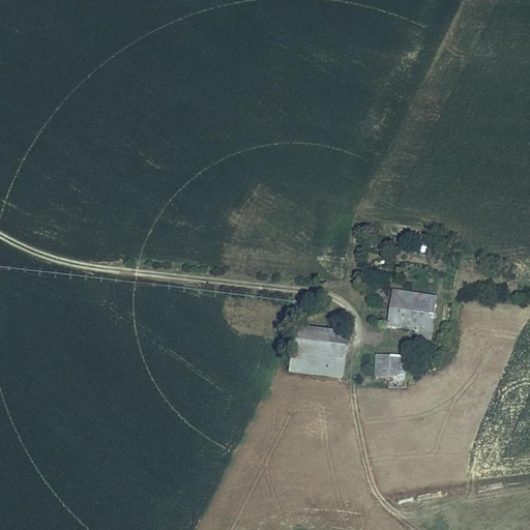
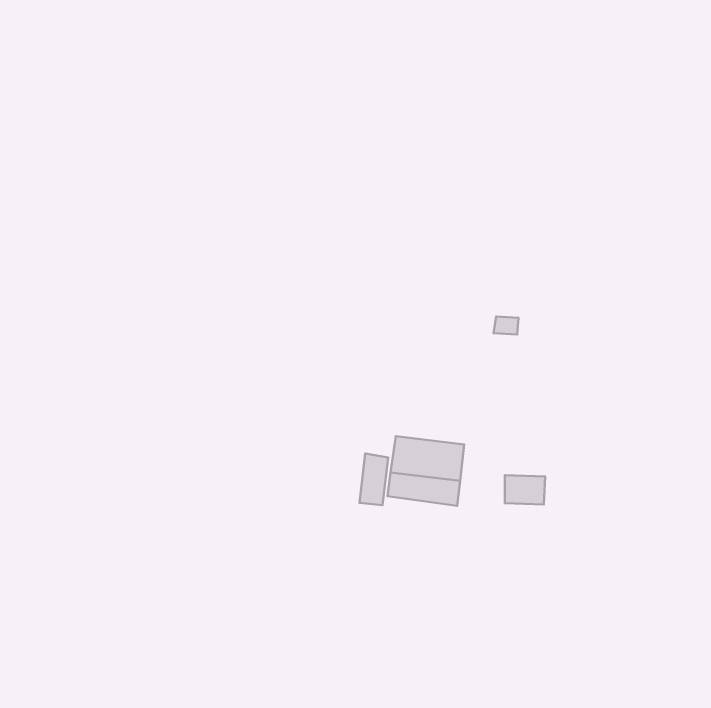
building: [387,289,435,338] -> none
building: none -> [359,454,388,505]

